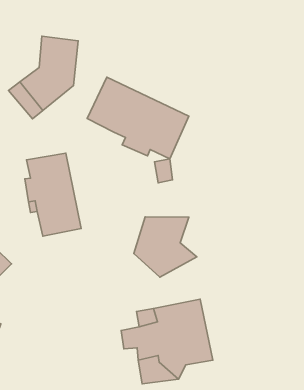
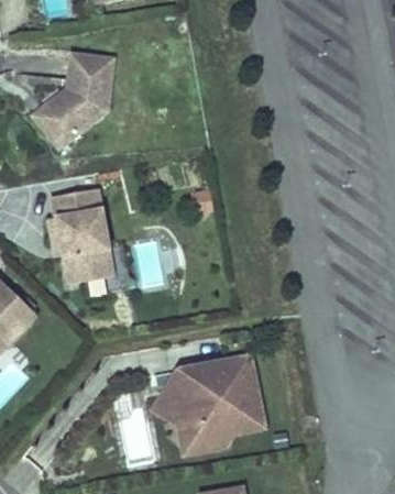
building: [87,77,189,159] -> none
building: [134,217,197,277] -> none

